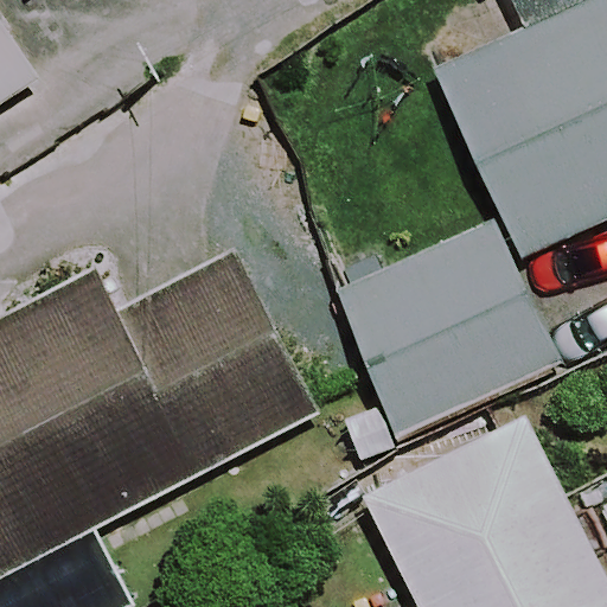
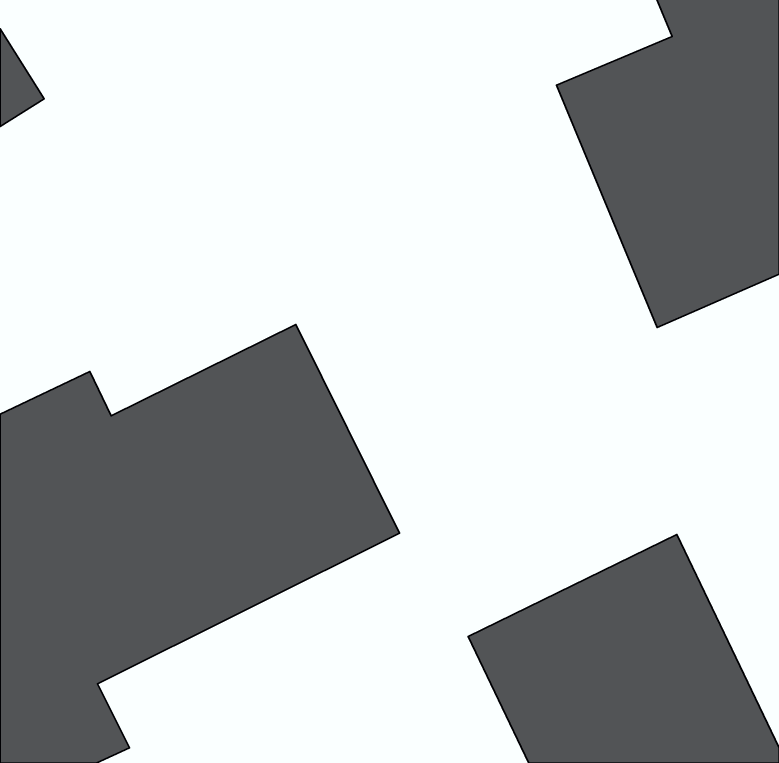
building: [332,218,558,436] -> none

